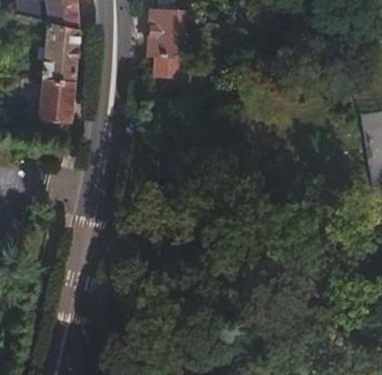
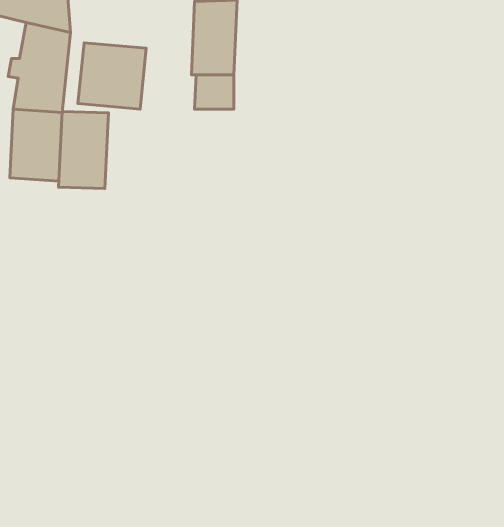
building: none -> [78,43,146,109]
building: none -> [59,112,108,188]

